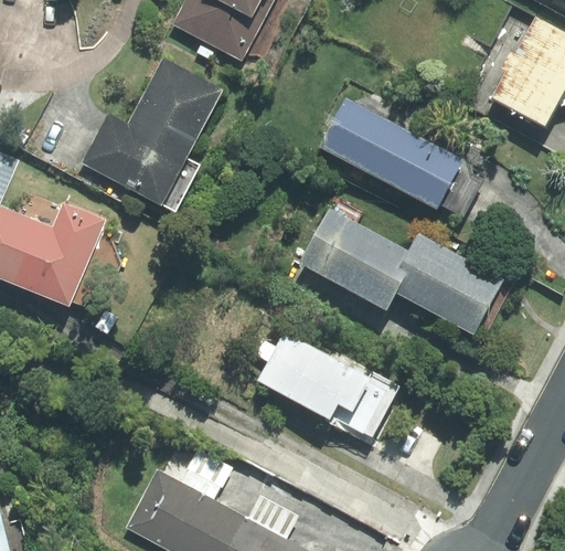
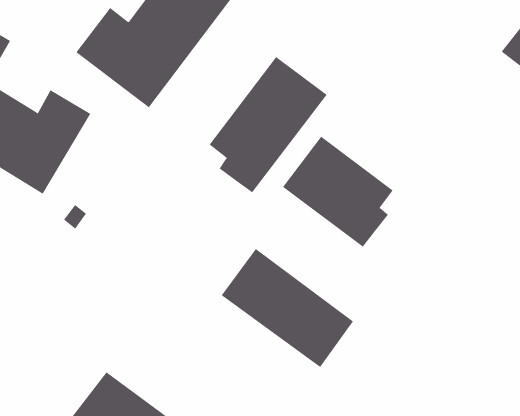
building: [320,98,482,218] -> none
building: none -> [209,56,327,193]
building: [397,233,504,335] -> none

